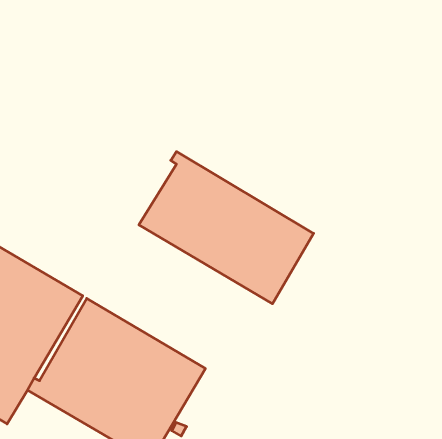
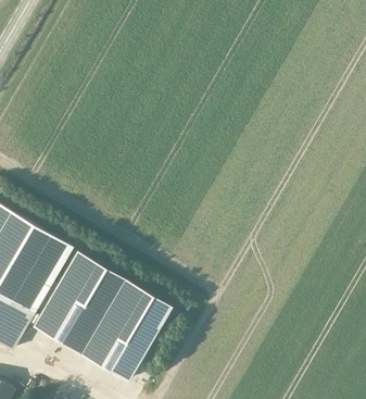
building: [139,152,314,304] -> none

